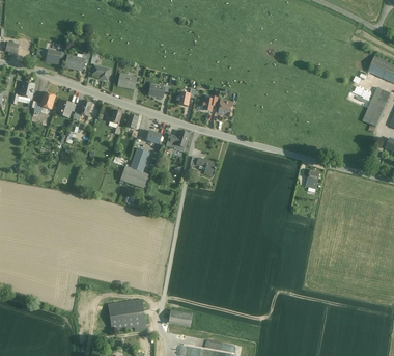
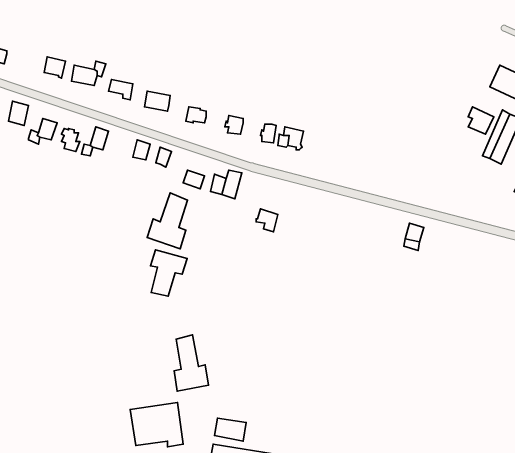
building: none -> [151,250,187,296]
building: none -> [174,335,208,391]

